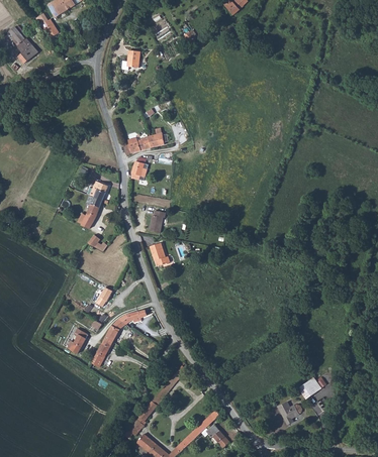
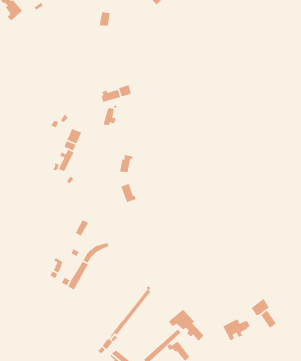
building: none -> [168,309,204,341]

